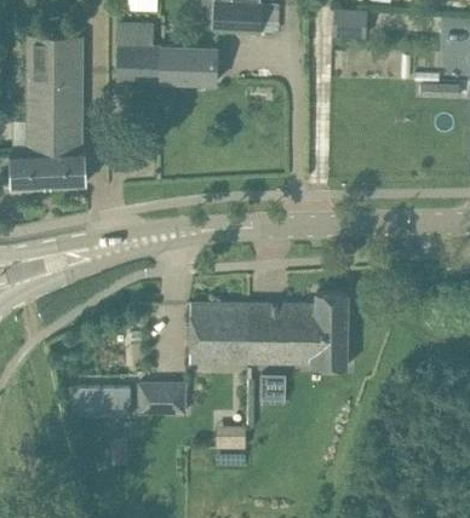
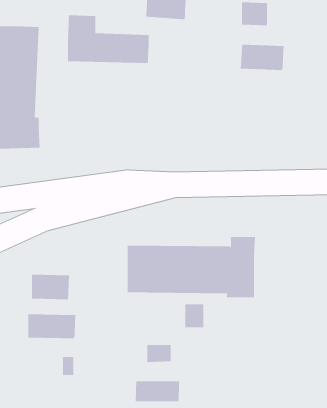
building: none -> [240,44,284,71]
building: [138,384,185,415] -> [31,274,70,300]
building: none -> [135,380,180,402]

